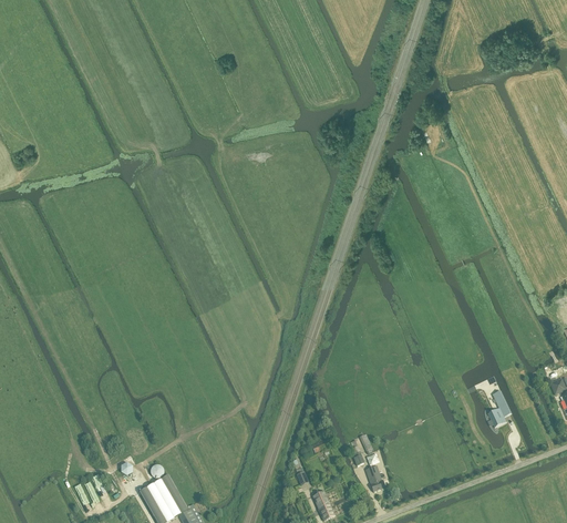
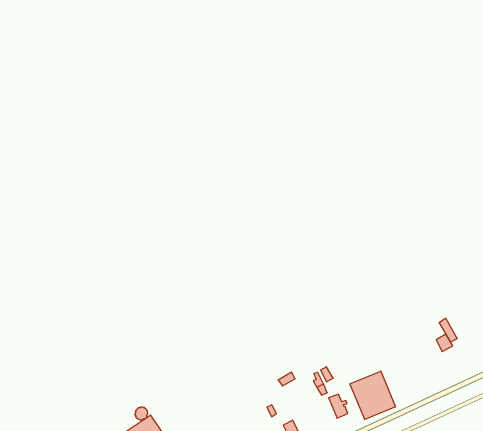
building: none -> [350,371,396,420]

